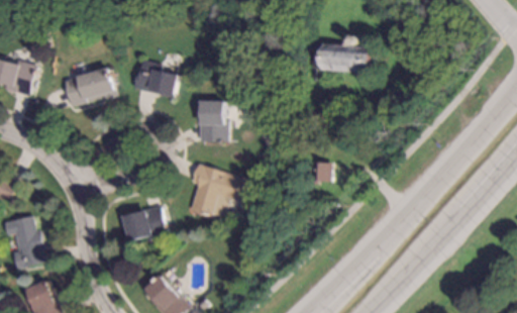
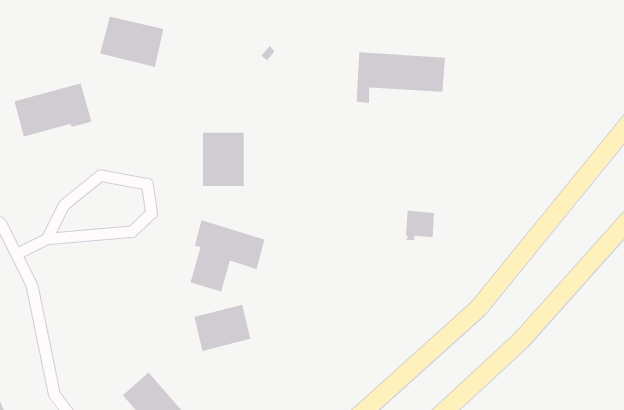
building: [133,60,180,97] -> [99,16,164,68]
building: [308,161,329,183] -> [405,210,435,241]
building: [124,206,166,240] -> [193,304,251,352]

